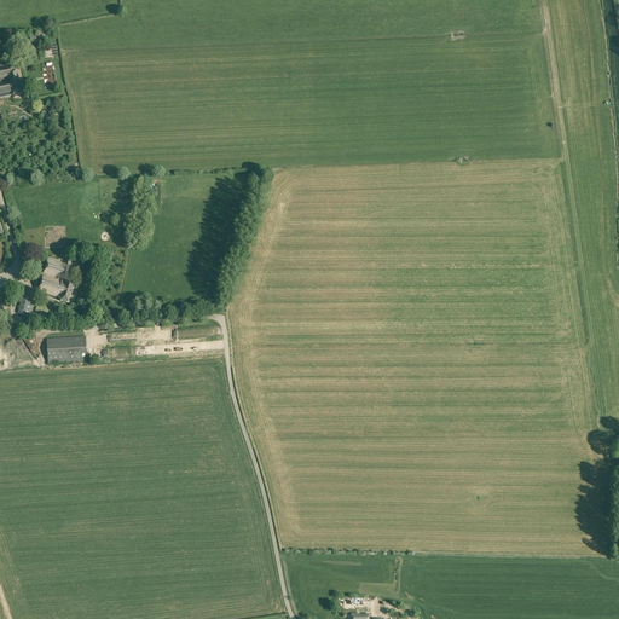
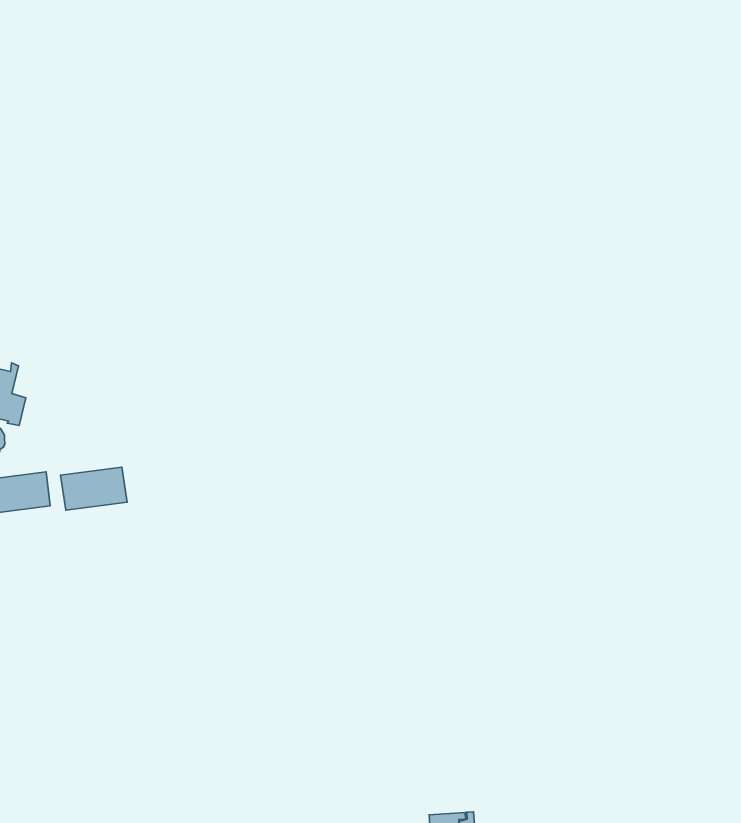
building: none -> [61,467,127,510]

